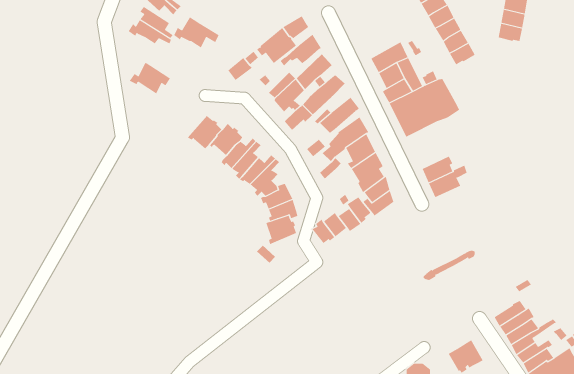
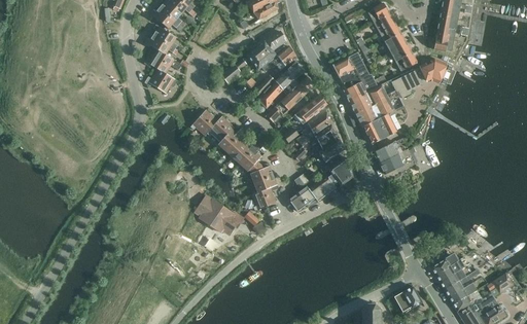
building: [174,17,220,48] -> [145,48,181,73]
building: none -> [391,59,453,99]
building: none -> [364,113,397,143]
building: none -> [197,194,241,232]

